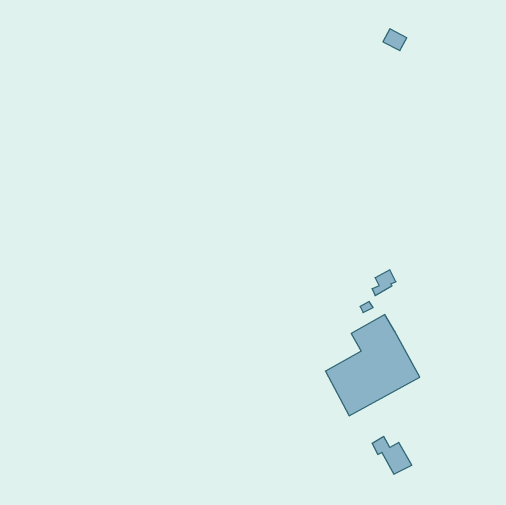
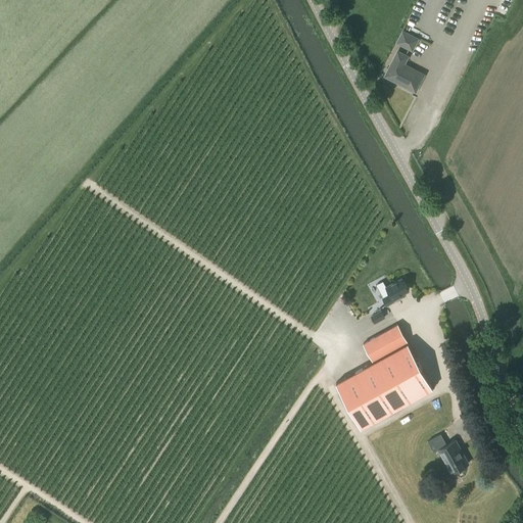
building: none -> [384,54,423,91]
building: [372,437,412,474] -> [427,436,468,475]

